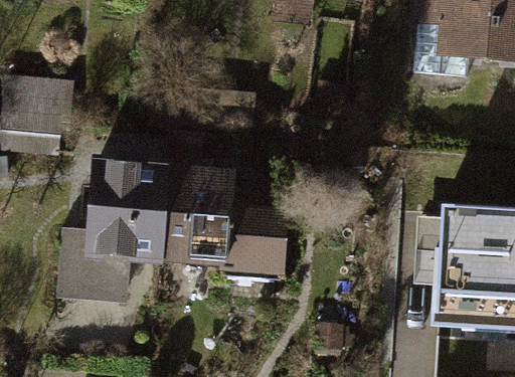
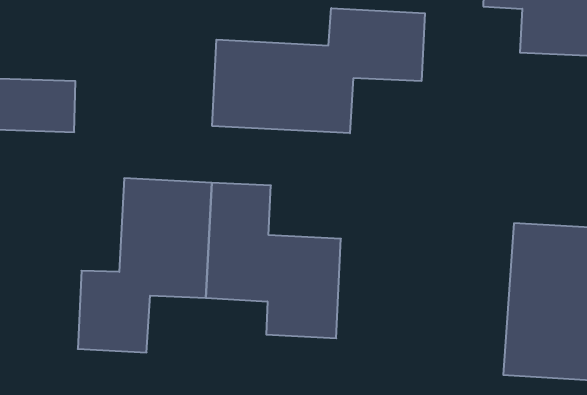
building: none -> [212,8,425,133]

